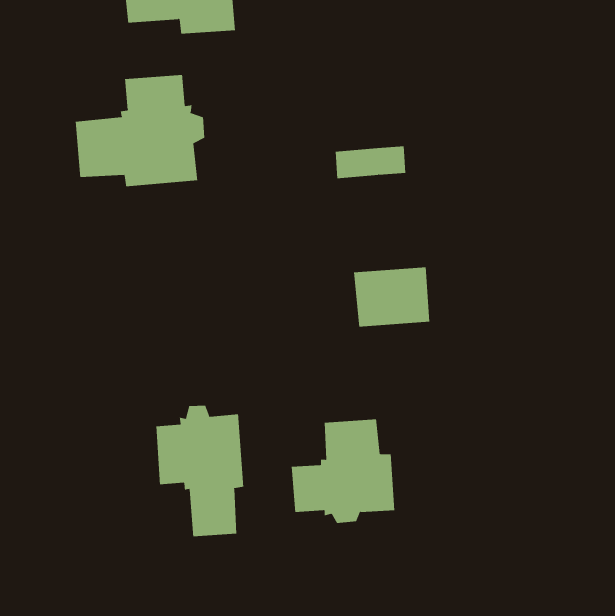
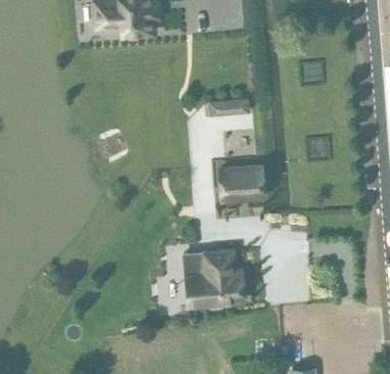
building: [75,74,205,187] -> none
building: [156,405,244,537] -> none

